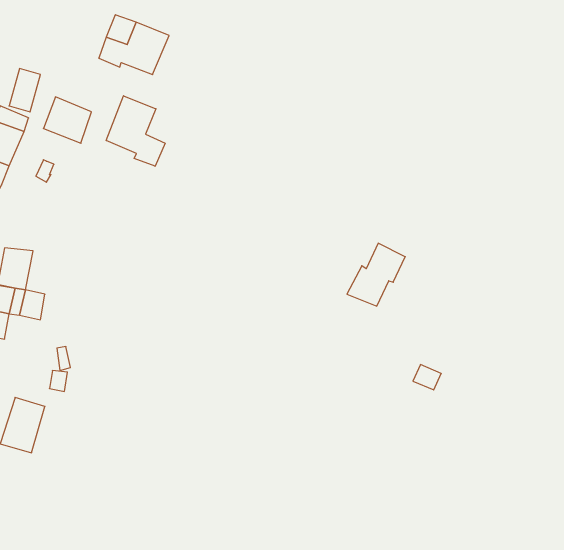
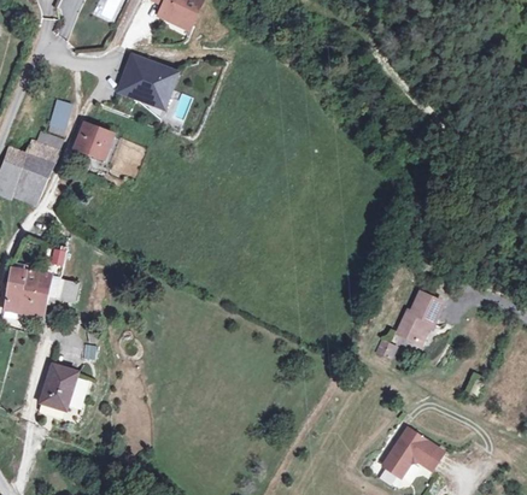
building: [106,96,165,166] -> none
building: [347,243,405,306] -> [394,289,441,340]
building: none -> [382,425,444,475]

